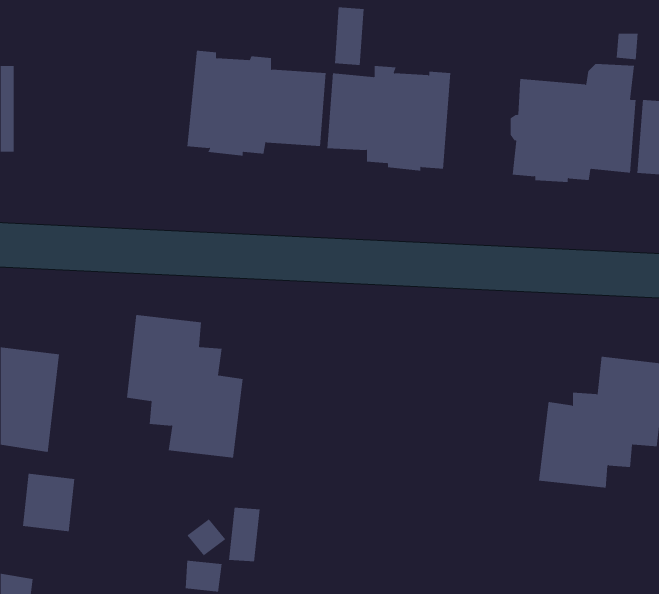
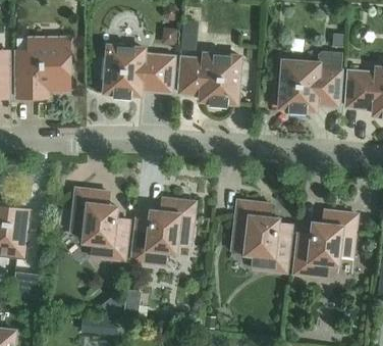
building: none -> [16,38,69,97]
building: none -> [128,195,198,266]
building: none -> [229,197,293,275]

